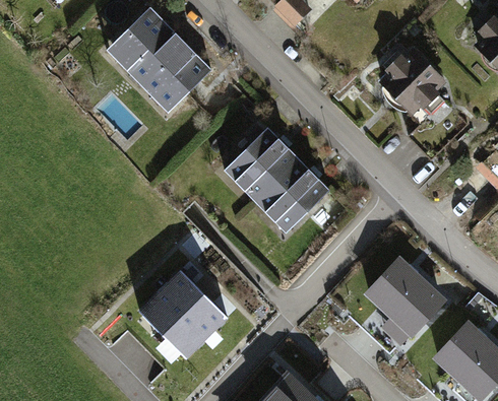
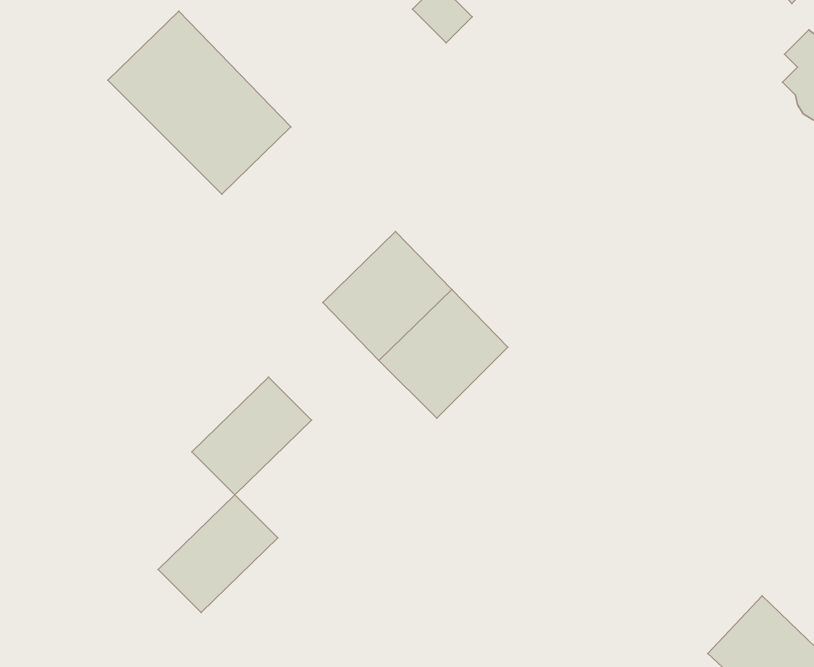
building: [382,53,443,115] -> none
building: [369,262,441,333] -> none
building: [162,294,227,358] -> [192,377,311,495]

